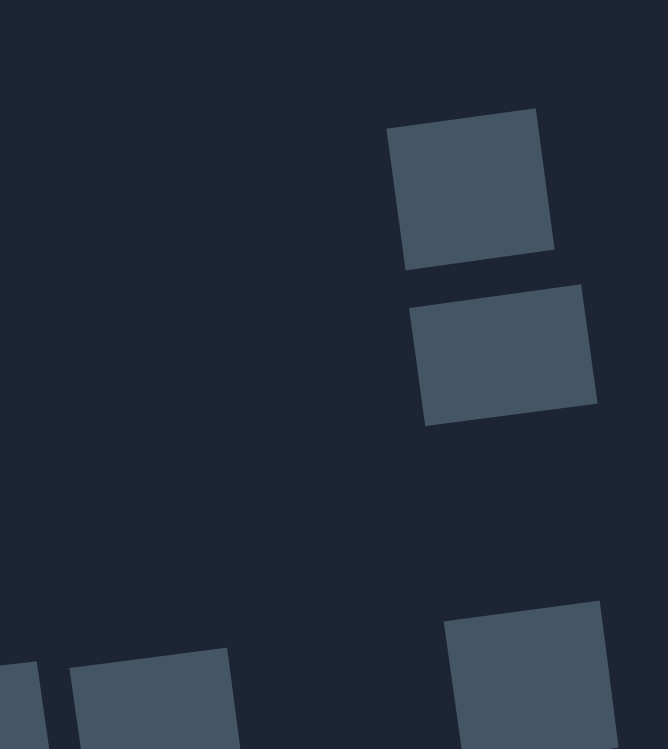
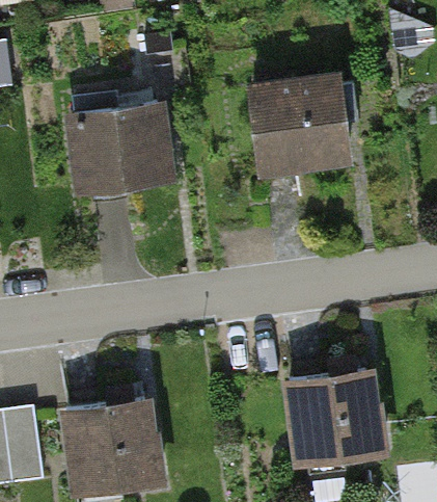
building: none -> [65,99,175,194]
building: [409,283,598,427] -> none

